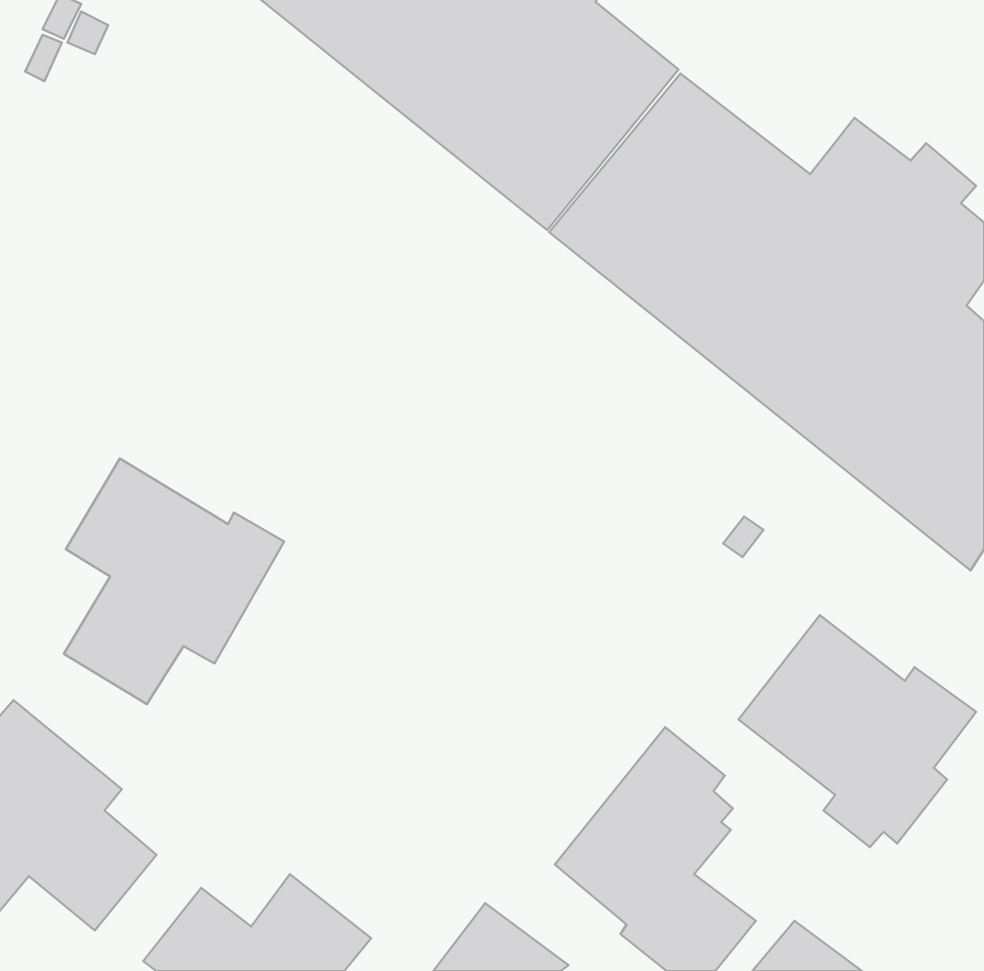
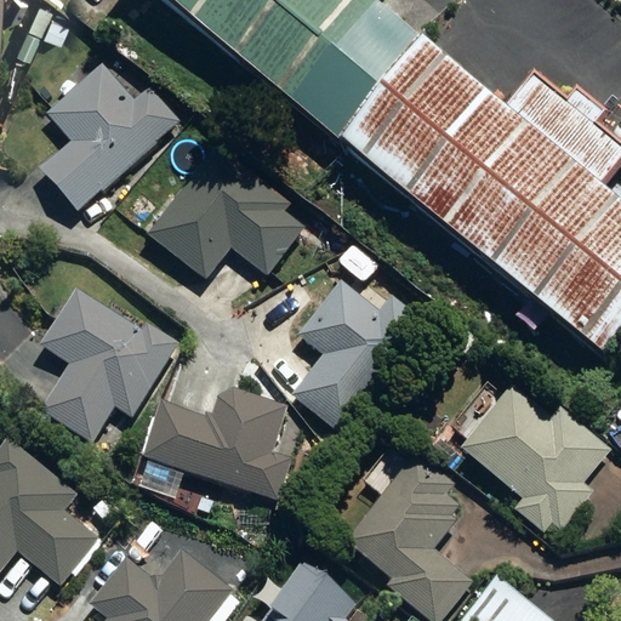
building: none -> [40,61,180,209]
building: none -> [147,142,306,278]
building: none -> [291,279,429,434]
building: none -> [144,388,294,500]

